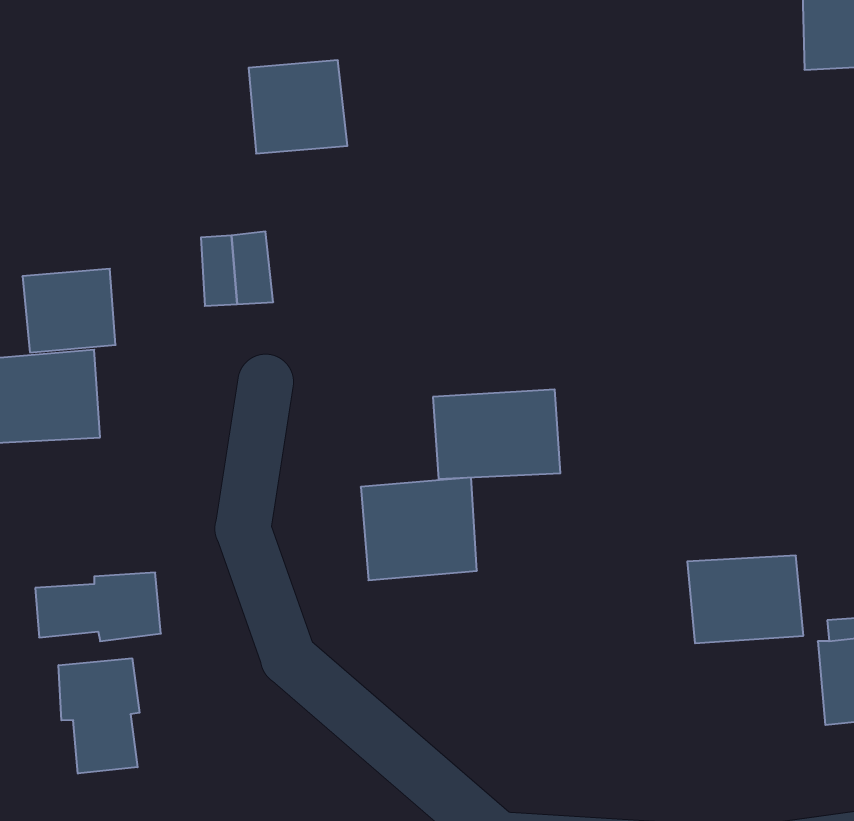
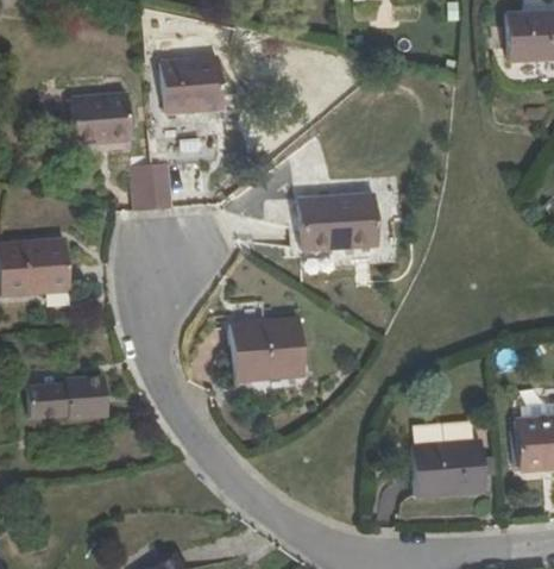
building: [22,269,116,352] -> [71,93,130,145]
building: [433,389,560,479] -> [298,193,378,249]
building: [687,556,803,643] -> [413,440,485,495]
building: [59,658,140,774] -> none

